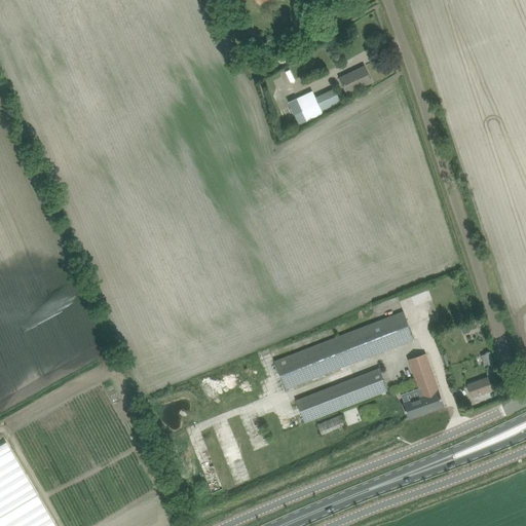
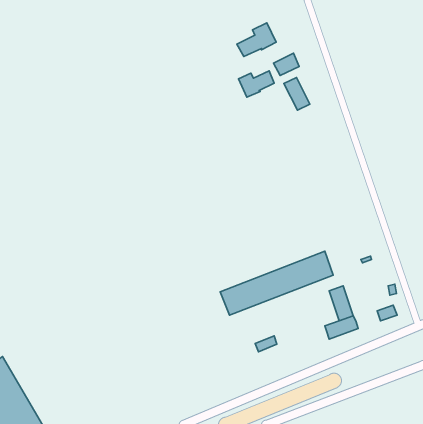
building: none -> [237,23,276,56]
building: none -> [284,77,310,110]
building: [294,368,385,423] -> none

